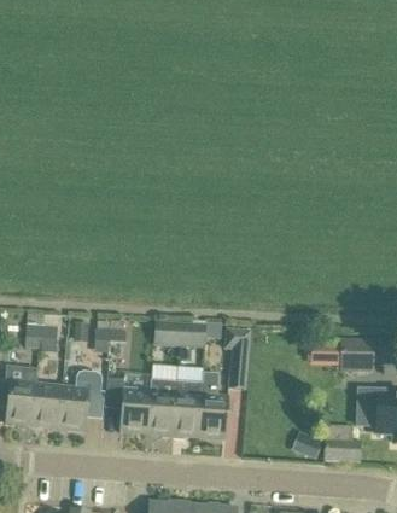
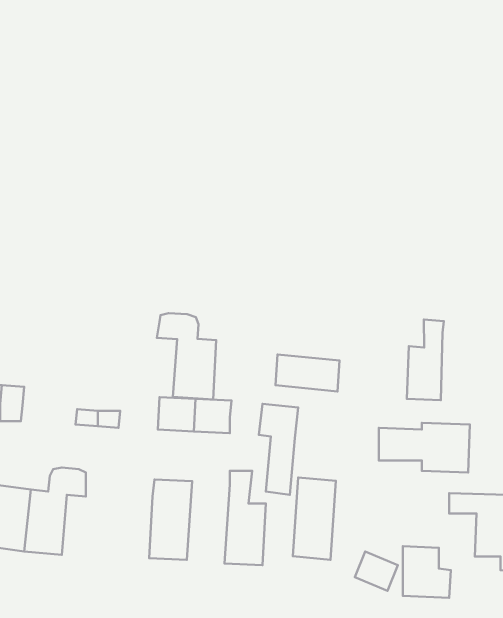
building: none -> [157,313,216,400]
building: none -> [407,320,444,400]
building: none -> [275,354,339,391]
building: [173,379,203,437] -> [293,477,336,560]
building: [119,387,148,433] -> none

